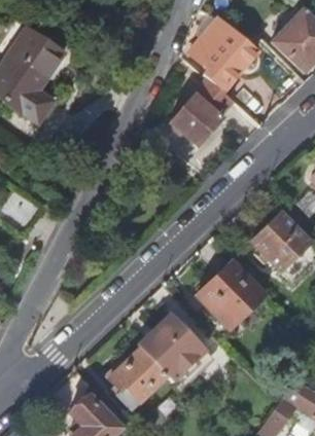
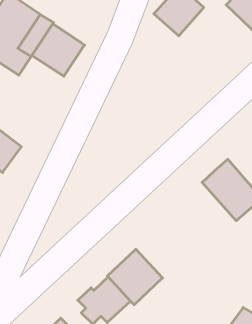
building: none -> [32,24,85,76]
building: [172,73,232,140] -> none
building: [196,260,266,328] -> none

